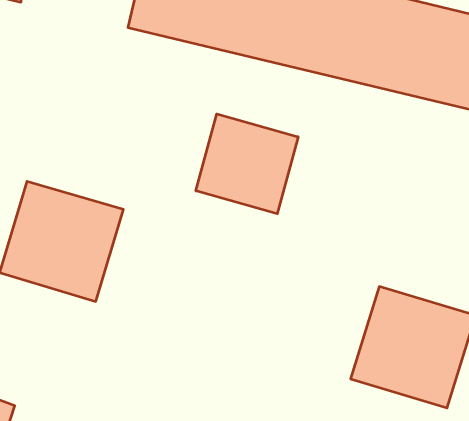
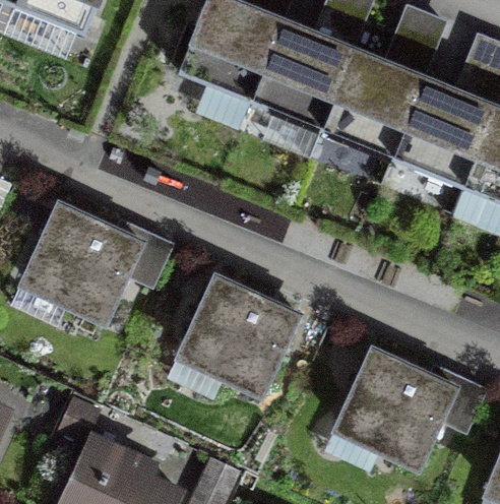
building: [196,114,298,214] -> none
building: none -> [180,275,305,397]

